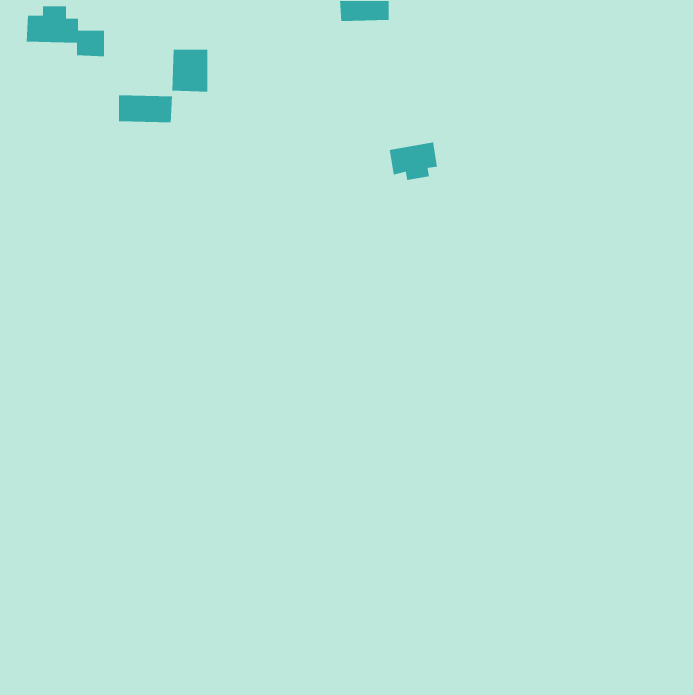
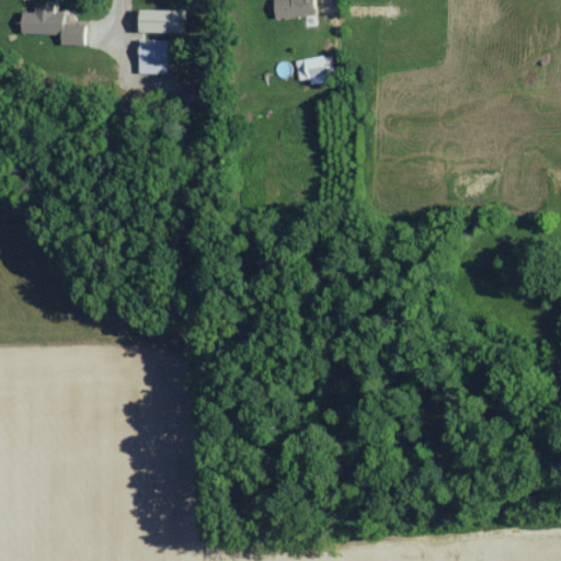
building: [118,95,173,123] -> [139,10,183,33]
building: [389,141,438,181] -> [295,54,334,85]

